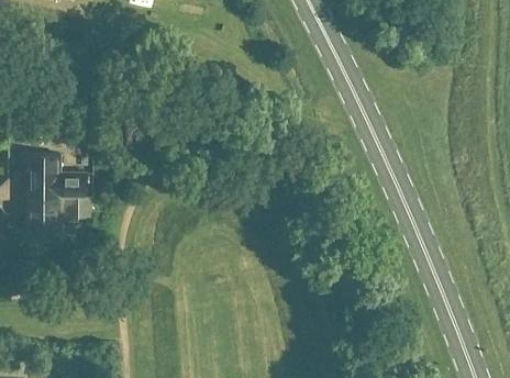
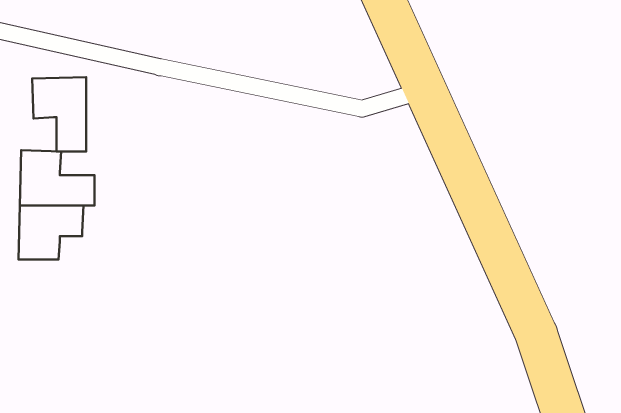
building: none -> [32,77,86,151]

